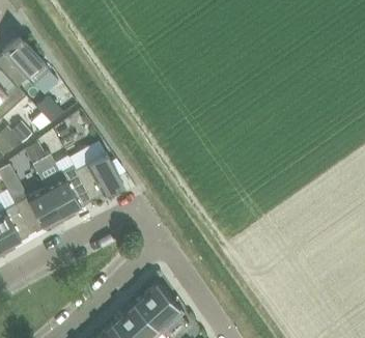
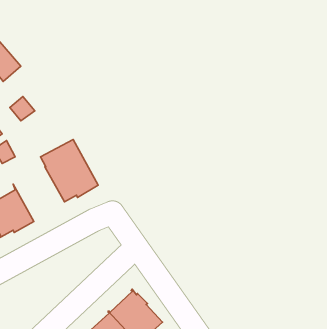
building: [41,168,90,220] -> none

